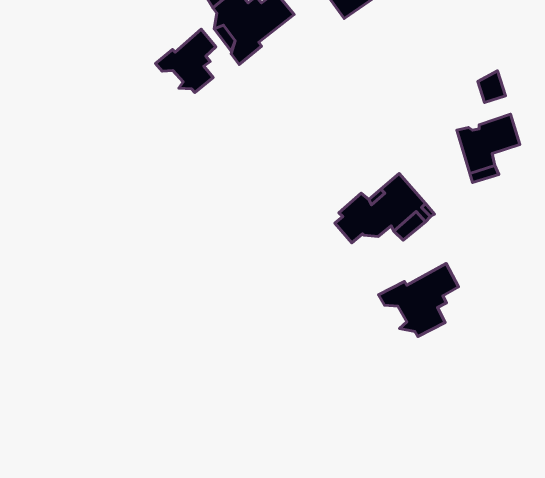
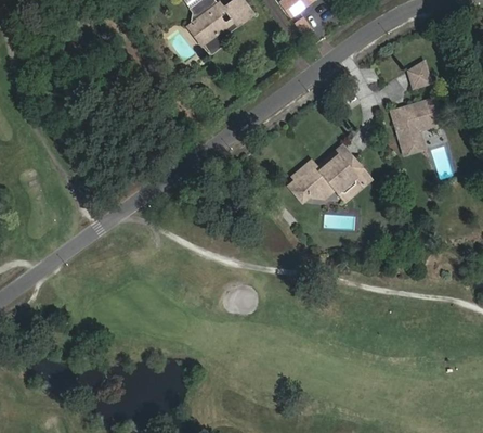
building: [155,29,216,93] -> none
building: [379,263,458,337] -> none

